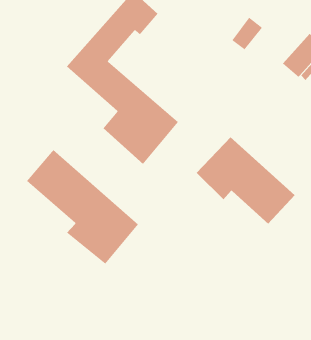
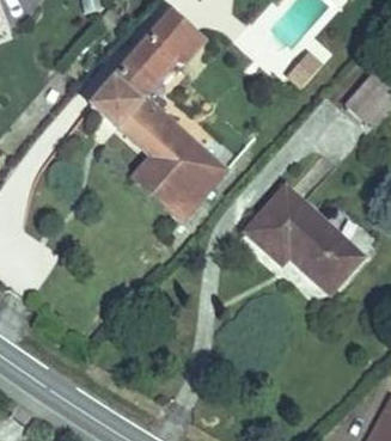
building: [26,149,139,265] -> none

